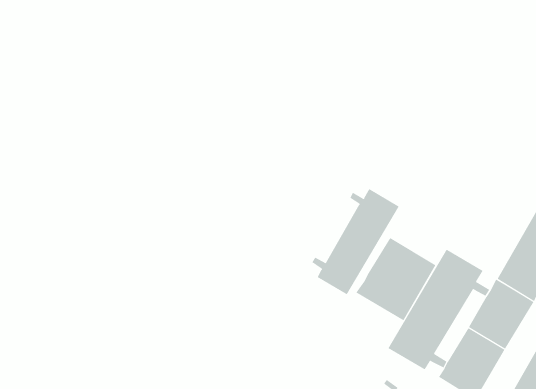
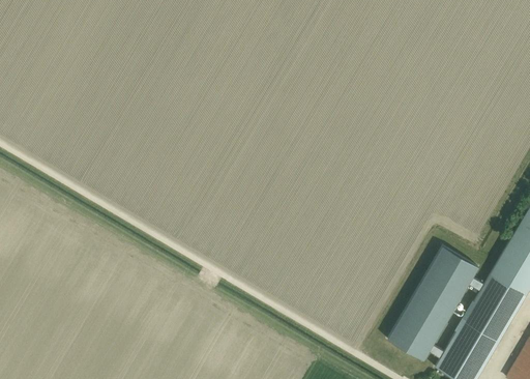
building: [311,188,400,295] -> none
building: [355,237,436,321] -> none

